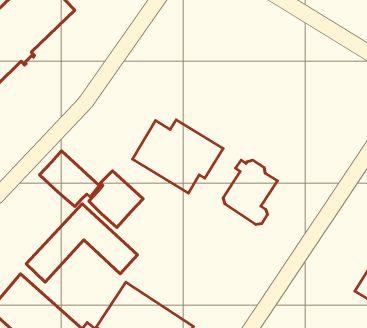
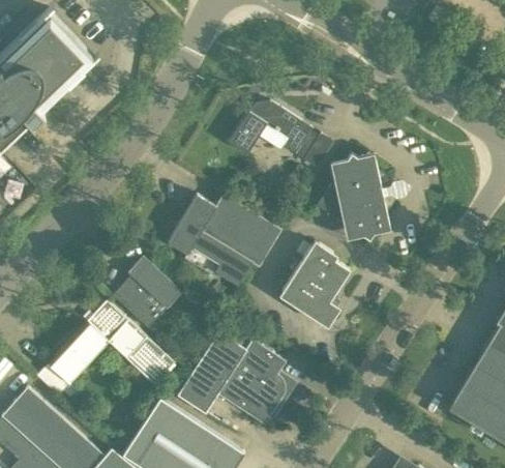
building: none -> [229,101,333,169]
building: none -> [317,154,396,240]
building: [39,151,99,207] -> none
building: none -> [177,333,287,426]

